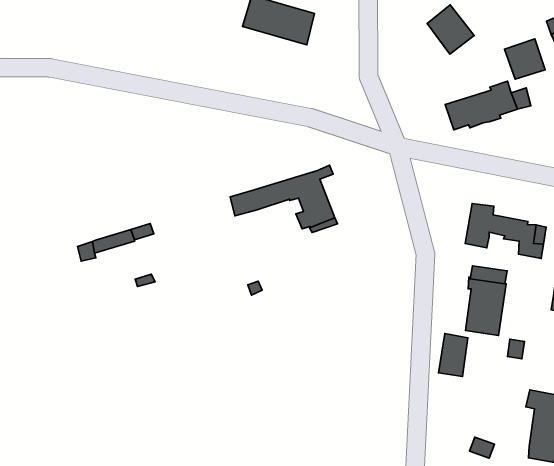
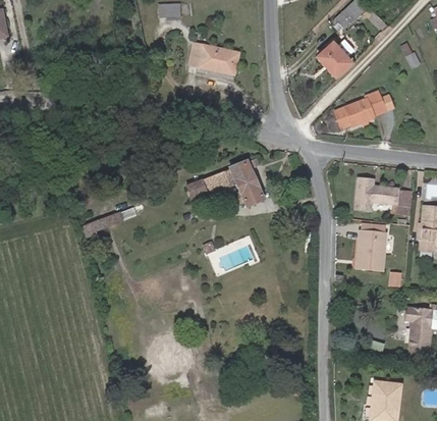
building: [504,39,545,79] -> none
building: [438,333,468,376] -> none

